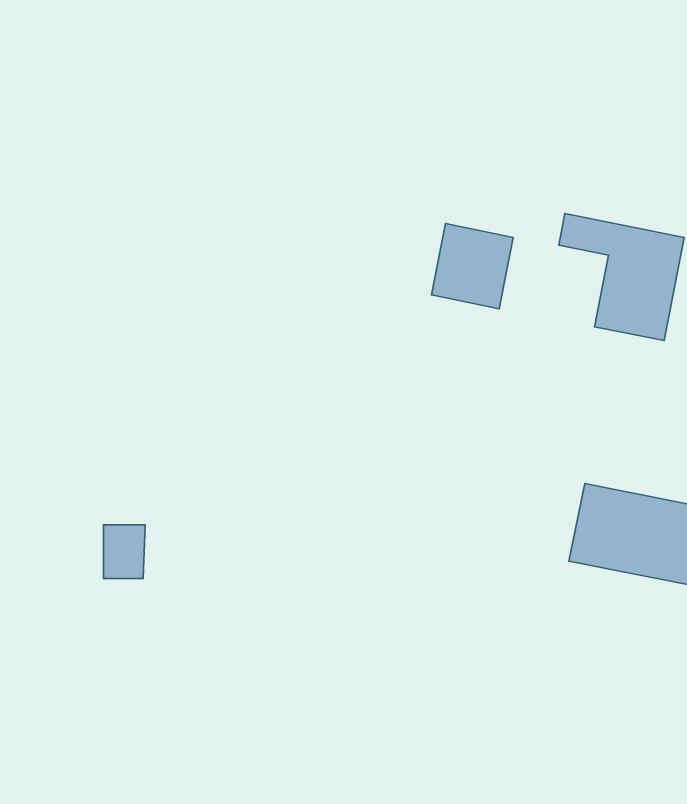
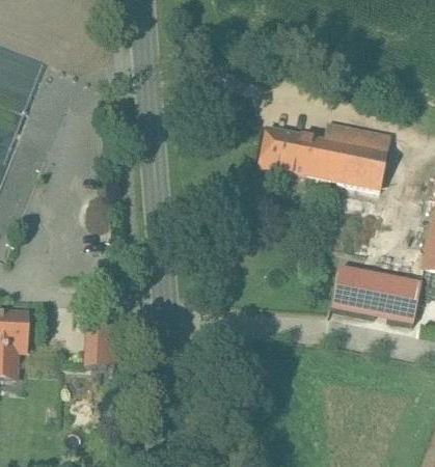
building: none -> [294,135,351,182]
building: [104,525,145,578] -> [84,336,106,364]

